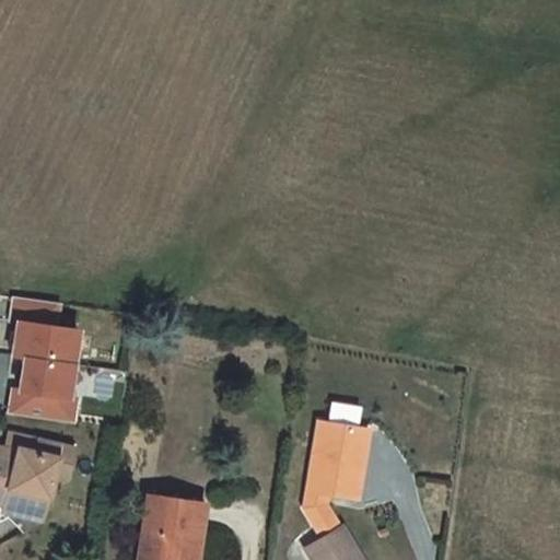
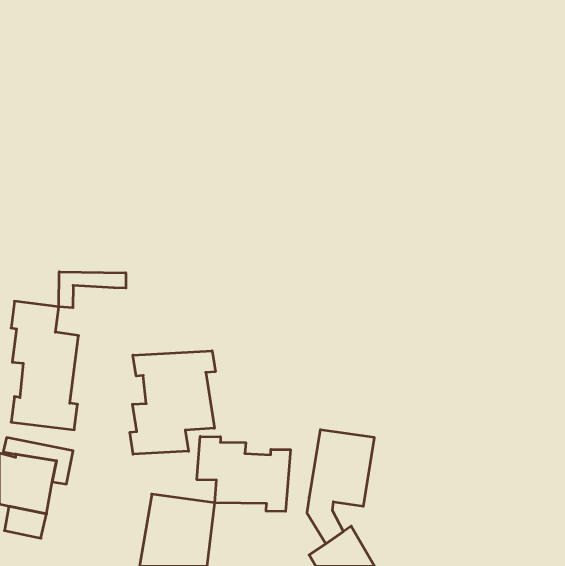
building: none -> [59,272,126,308]
building: none -> [130,351,215,454]
building: none -> [197,436,290,511]

